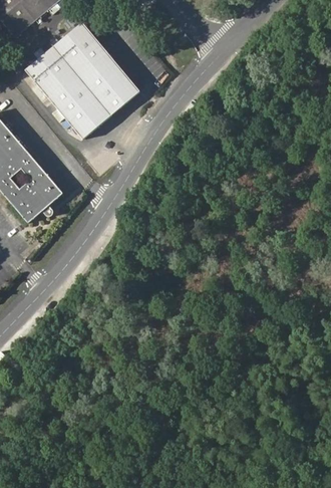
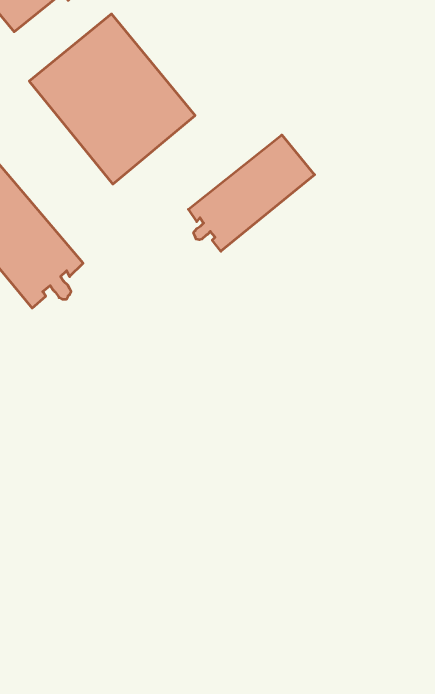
building: none -> [188,135,315,251]

